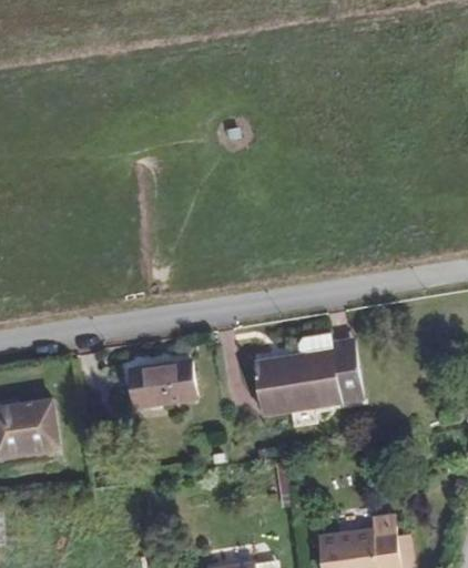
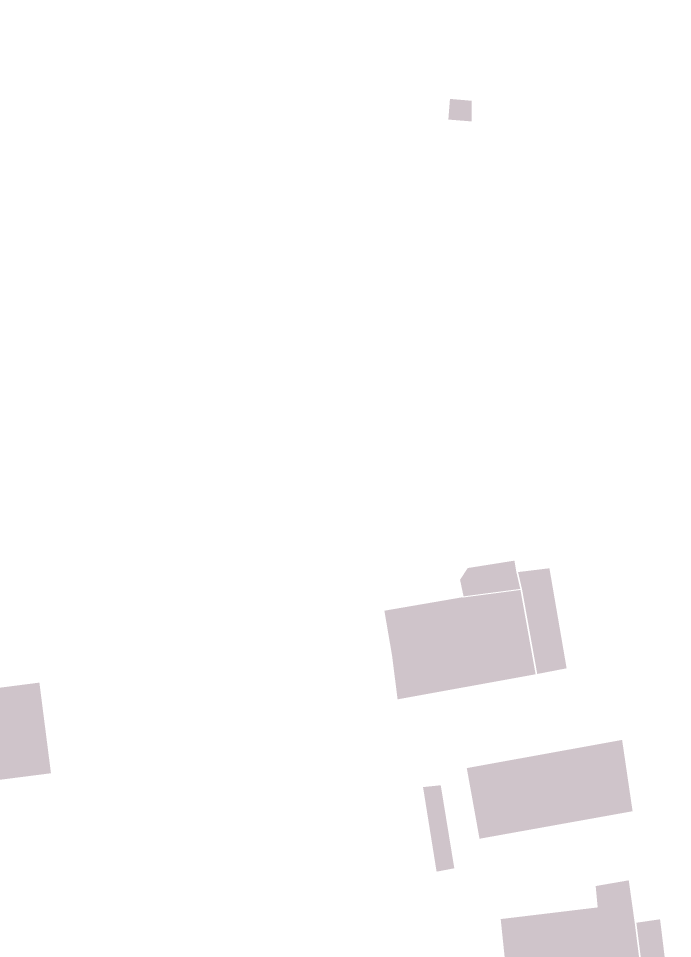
building: [128,363,200,409] -> none
building: none -> [466,739,633,840]

